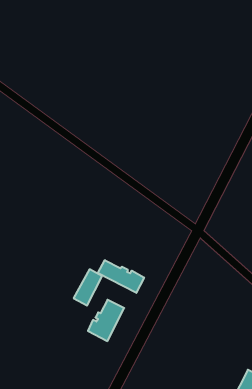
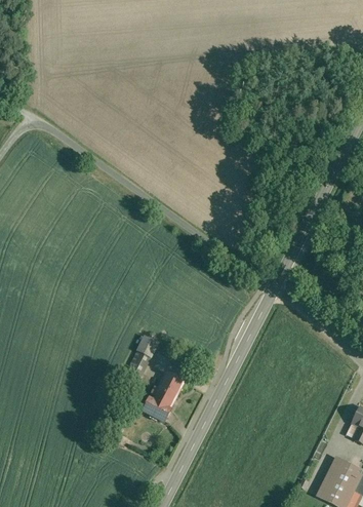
building: [98,260,144,293] -> none

